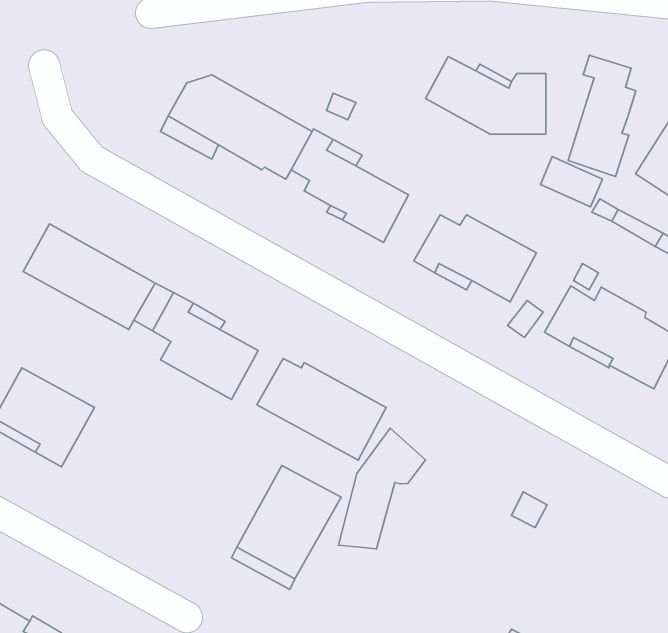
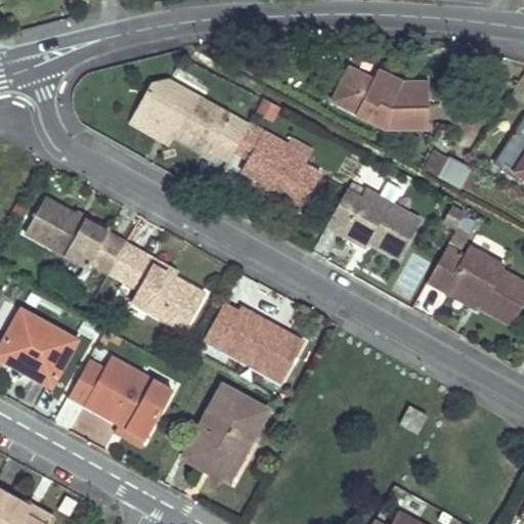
building: [568,55,636,176] -> none
building: [339,428,425,549] -> none
building: none -> [71,355,174,445]

